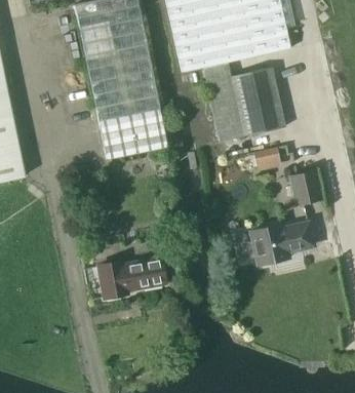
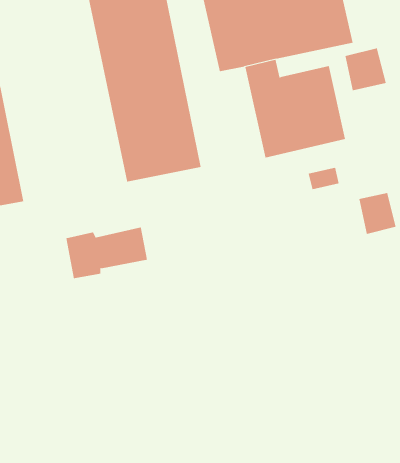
building: none -> [345,47,387,91]
building: [235,223,313,265] -> none
building: [100,256,166,298] -> [66,227,148,279]

